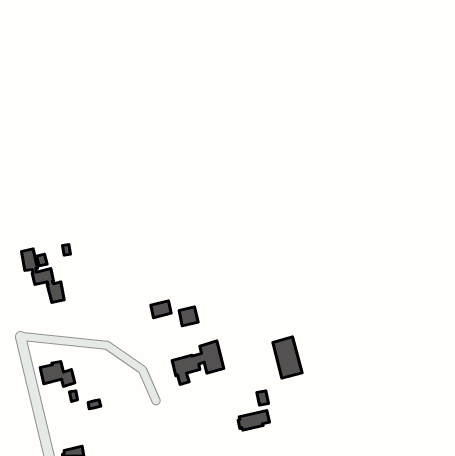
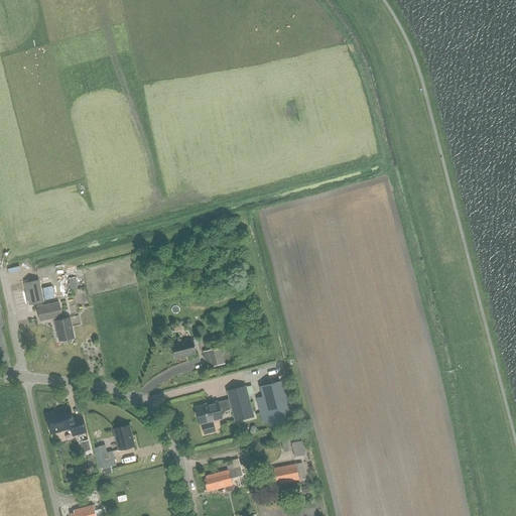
building: [273,337,302,378] -> [259,380,292,426]
building: none -> [113,425,134,450]
building: none -> [203,468,241,492]

